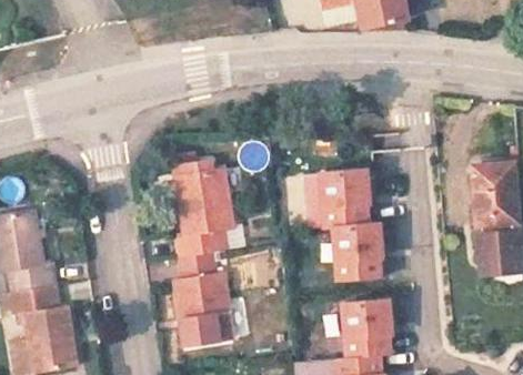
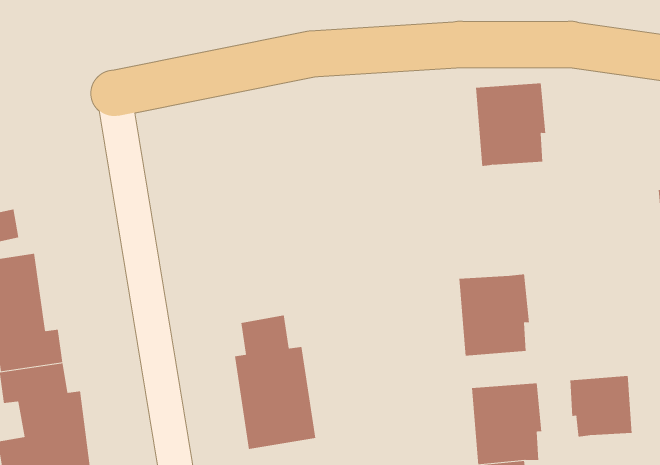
building: [173,162,231,257] -> none
building: [320,169,370,227] -> [475,83,546,167]
building: none -> [570,375,632,438]

